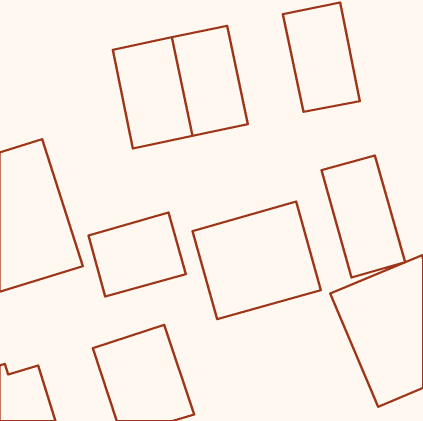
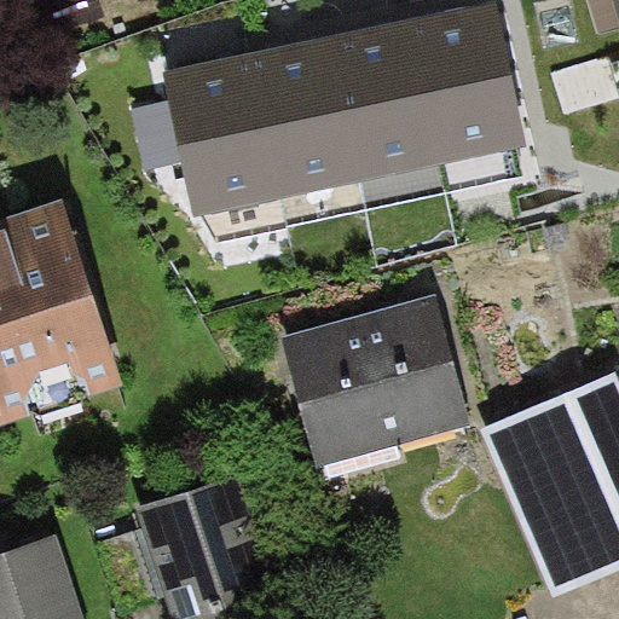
building: none -> [331,21,442,181]
building: [321,156,405,277] -> none
building: [88,212,186,296] -> none

